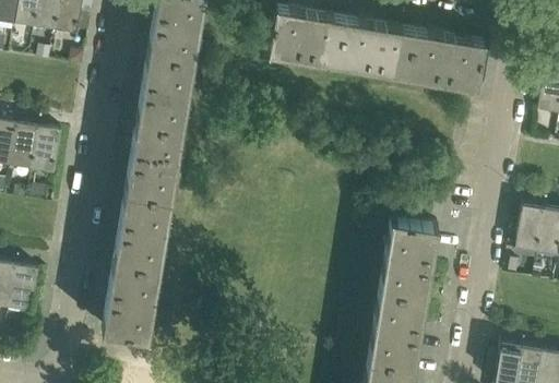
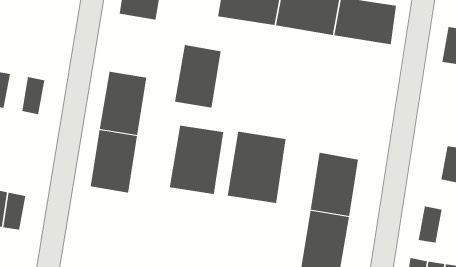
building: [139,51,195,128] -> [174,45,221,108]
building: [13,123,40,168] -> none
building: none -> [169,125,224,195]
building: none -> [227,131,286,204]
building: [515,205,545,250] -> [418,206,442,243]
building: [104,259,163,336] -> none

